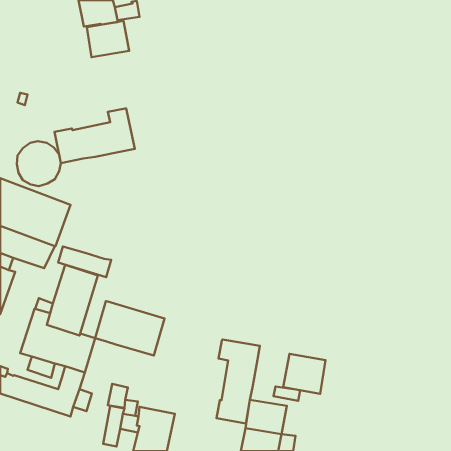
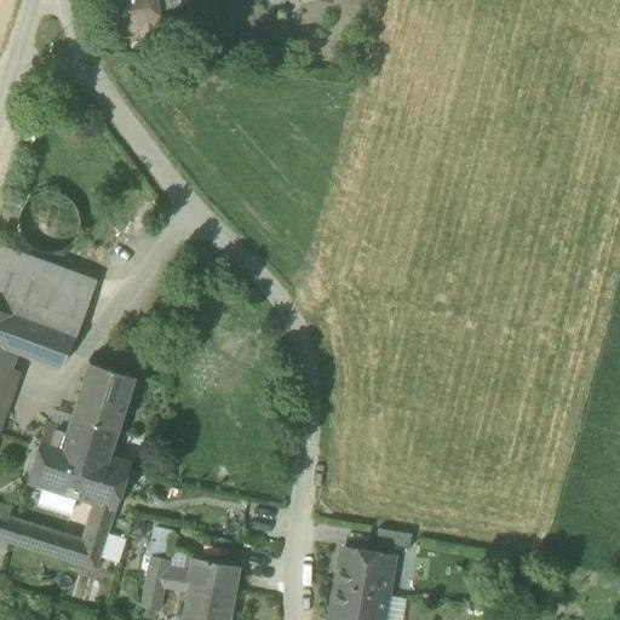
building: [87,21,129,57] -> none
building: [55,109,135,163] -> none
building: [58,246,111,277] -> none
building: [95,301,164,355] -> none
building: [217,340,260,424] -> none
building: [283,354,325,394] -> none

